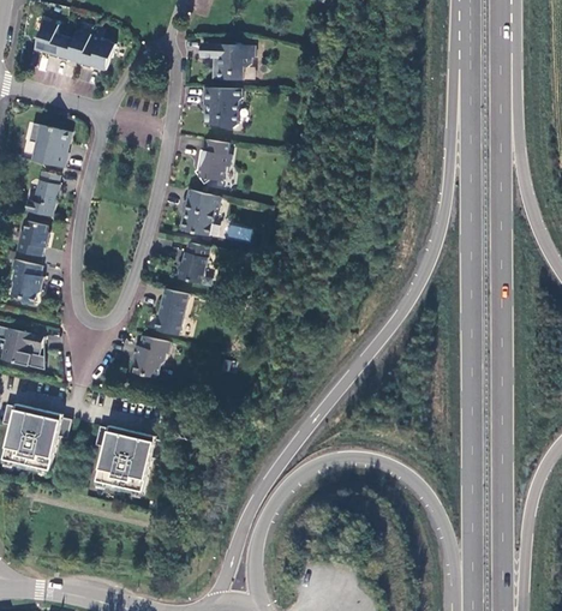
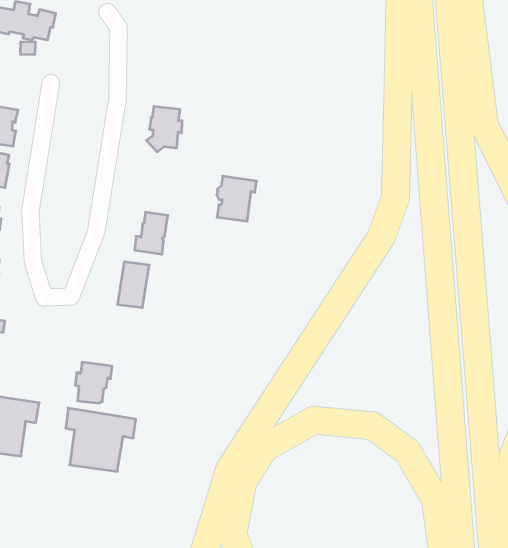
building: [199,43,253,79] -> none
building: [203,88,240,128] -> none
building: [179,190,220,235] -> [217,176,257,221]
building: [132,335,169,376] -> [75,362,112,403]

